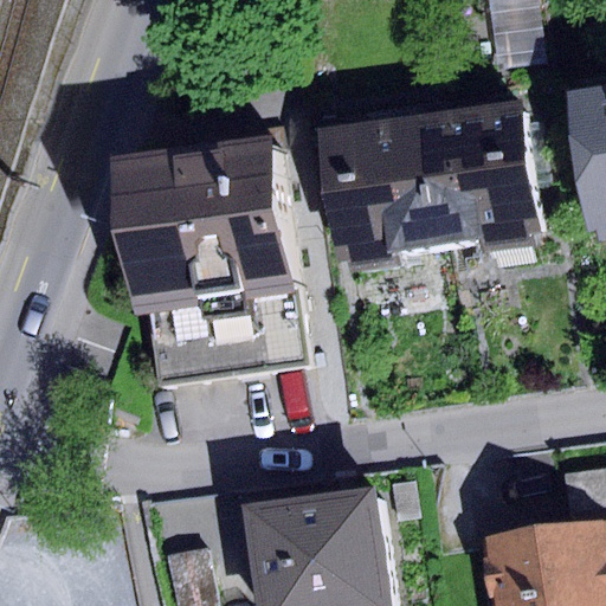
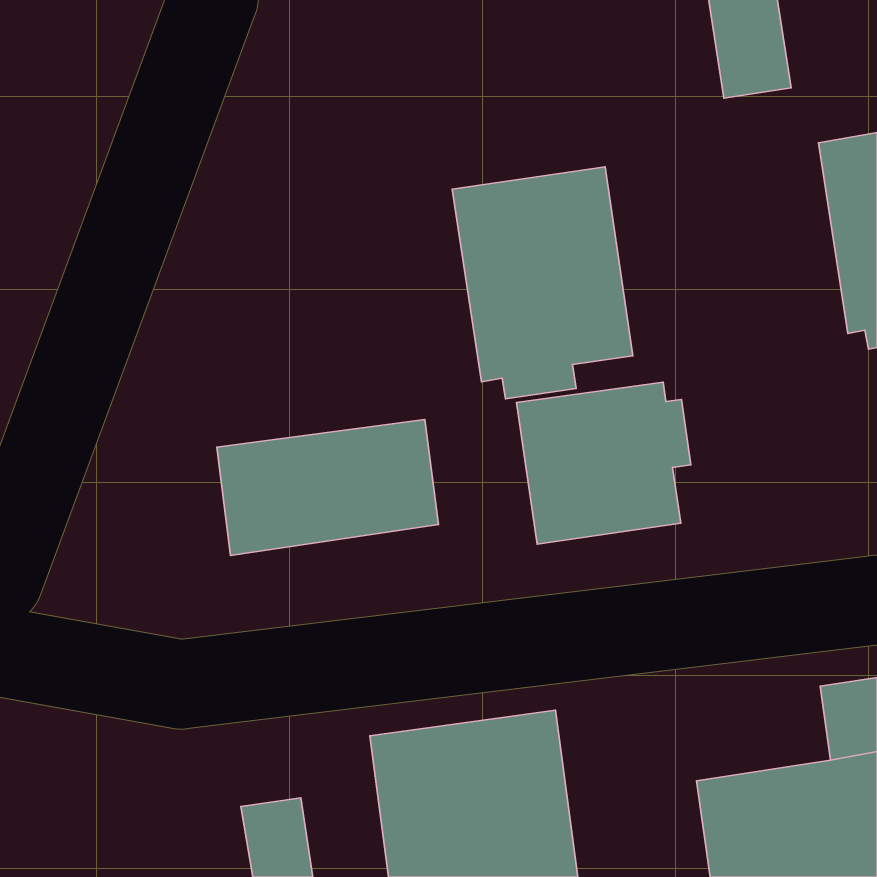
building: [417,101,536,252] -> none
building: [129,140,292,308] -> none
building: none -> [517,382,691,544]

